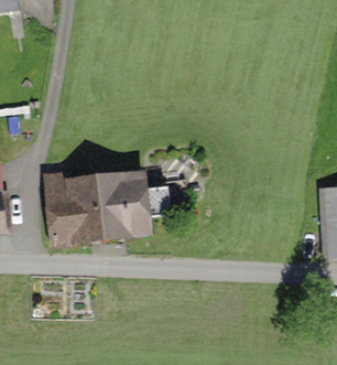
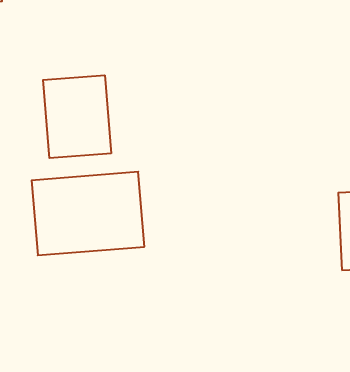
building: none -> [43,75,111,158]

